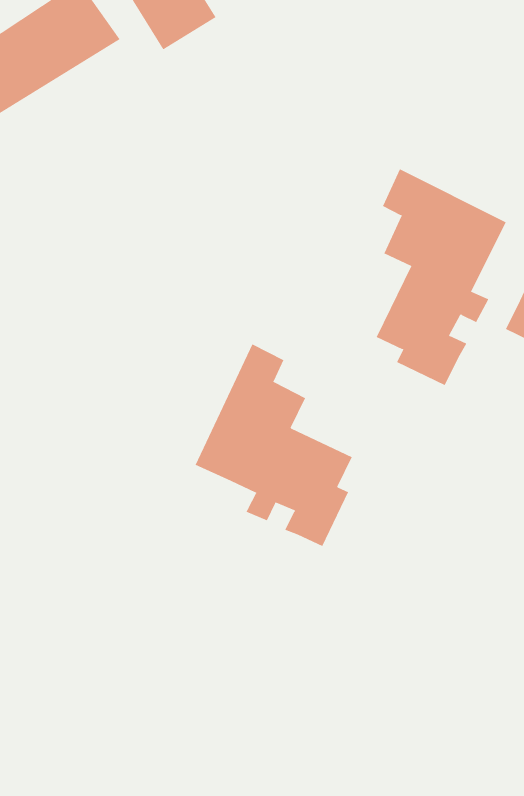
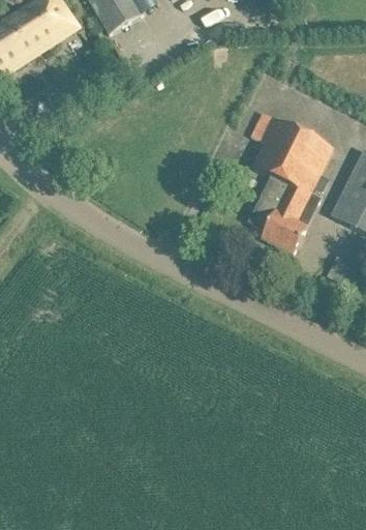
building: [195,343,353,547] -> none

